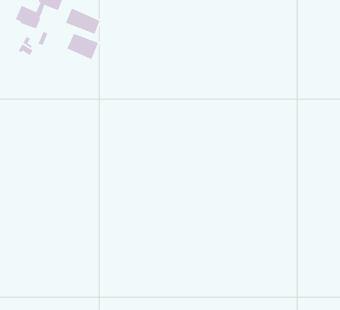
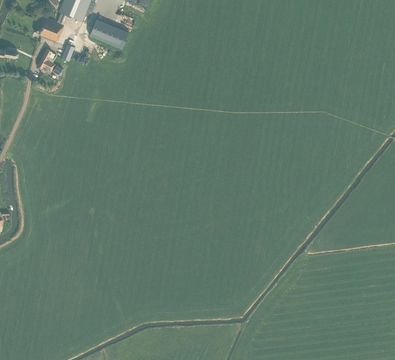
building: [66,33,99,60] -> none

